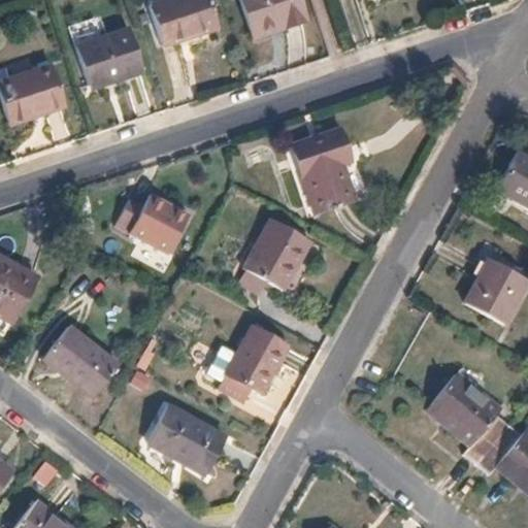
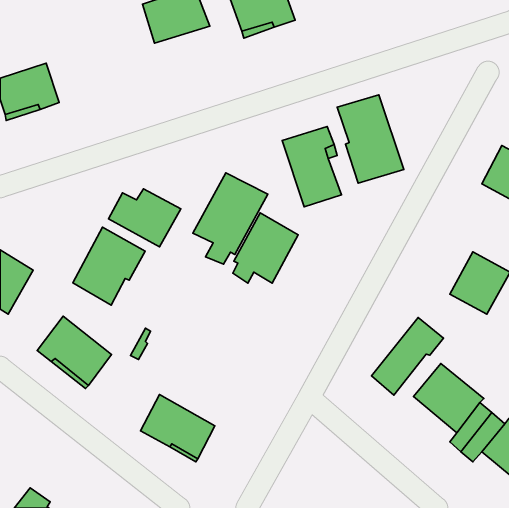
building: [77,28,144,87] -> none
building: none -> [337,95,404,183]
building: none -> [193,173,268,264]
building: none -> [73,227,145,305]
building: [210,326,288,401] -> none
building: none -> [371,317,444,395]

